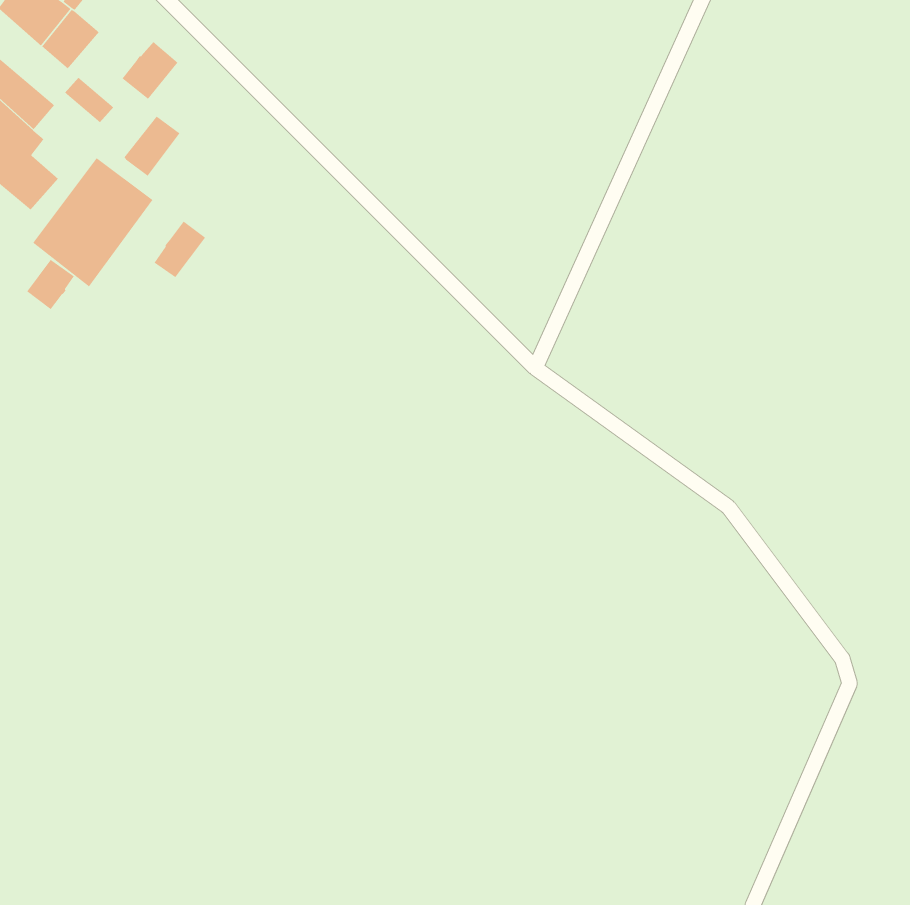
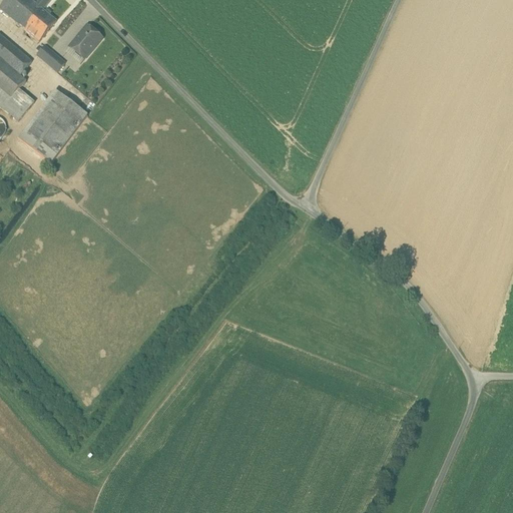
building: [124,115,180,177] -> none
building: [153,220,206,278] -> none
building: [26,259,75,310] -> none

